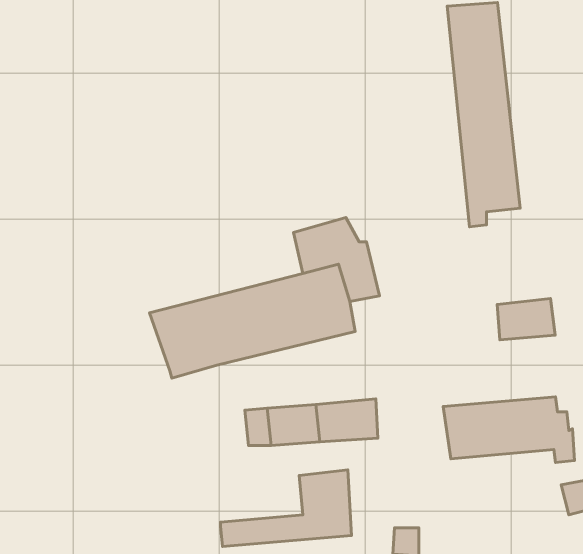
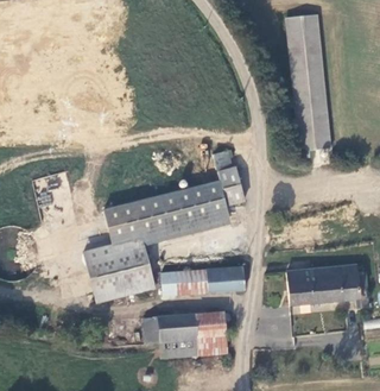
building: [497,299,555,340] -> none
building: none -> [83,244,153,304]
building: none -> [142,314,196,343]

